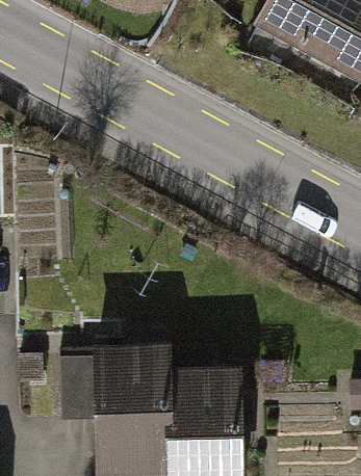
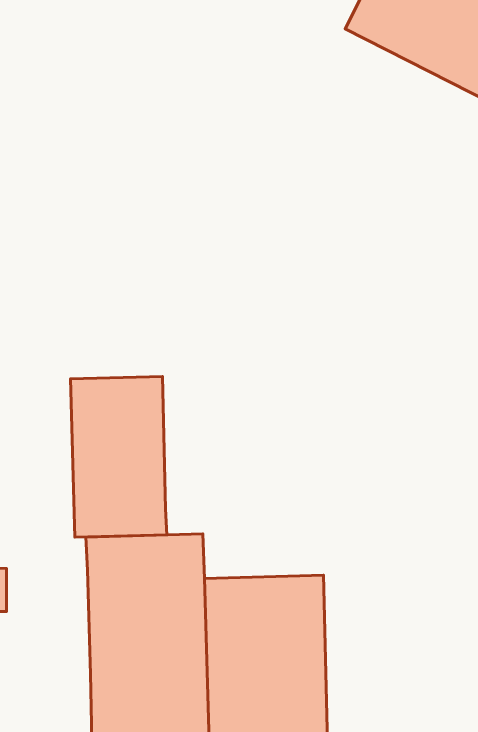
building: none -> [70,376,167,537]

